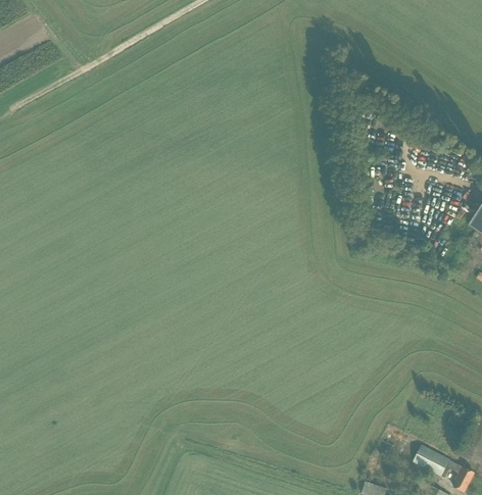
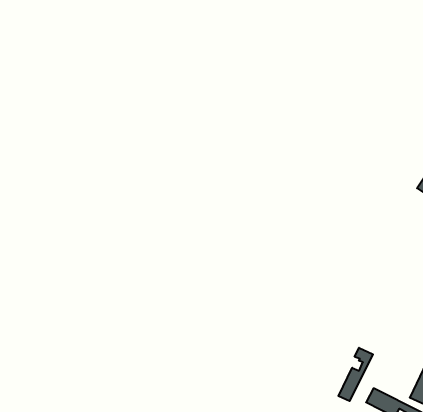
building: none -> [338,348,373,401]

